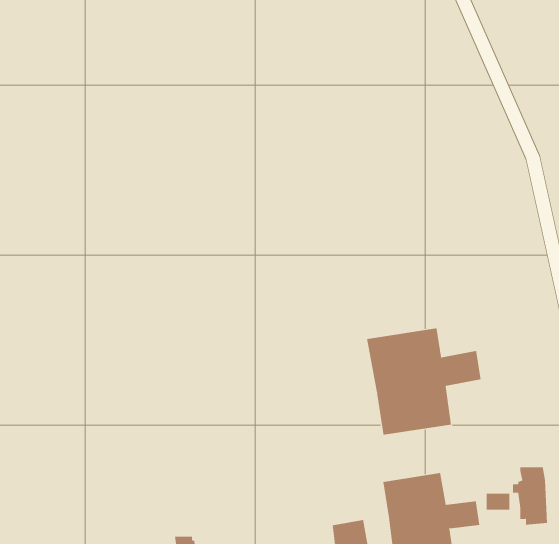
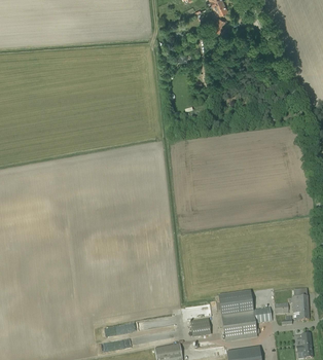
building: [366,327,481,435] -> none

